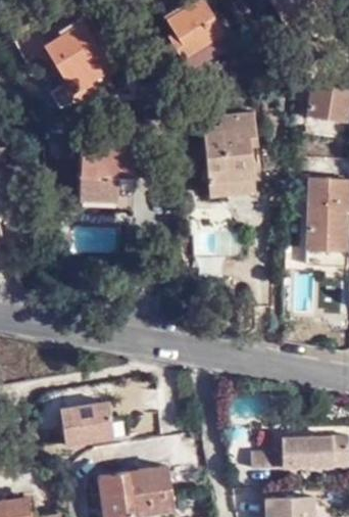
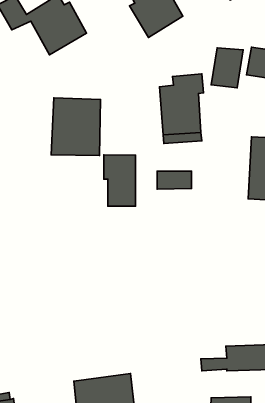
building: none -> [211,48,243,88]
building: none -> [104,155,136,206]
building: [59,389,115,439] -> none

